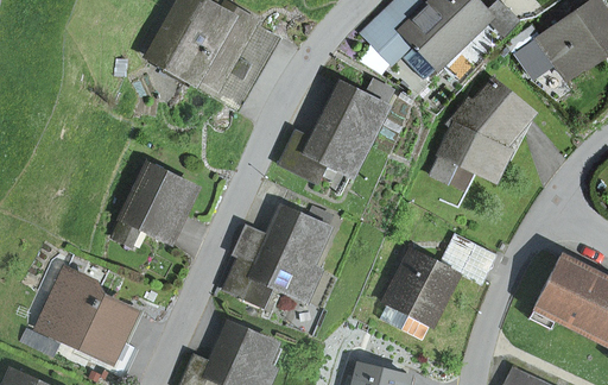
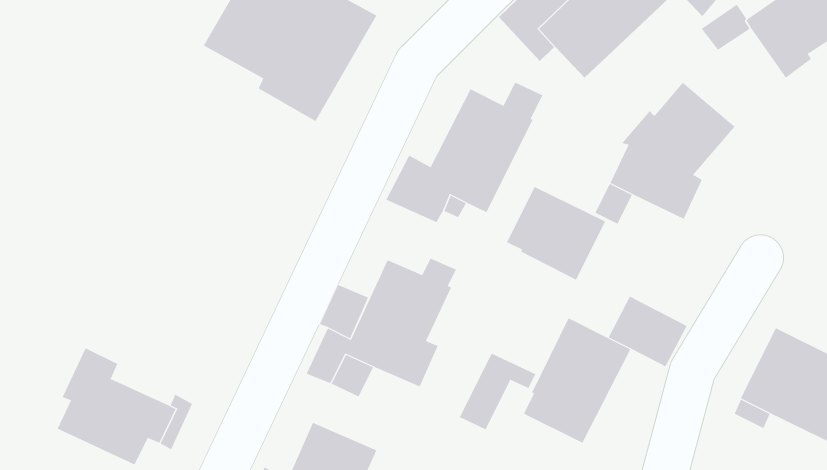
building: none -> [506,186,606,281]
building: [113,164,196,245] -> none
building: none -> [459,353,536,430]

